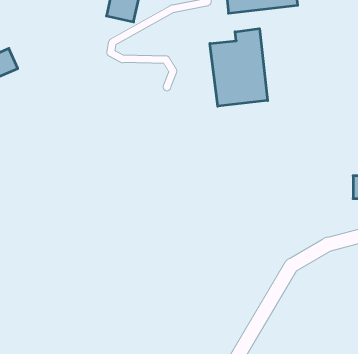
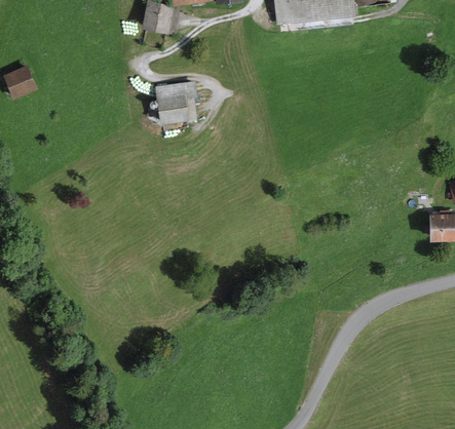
building: [210,29,268,106] -> none
building: none -> [153,80,196,124]

